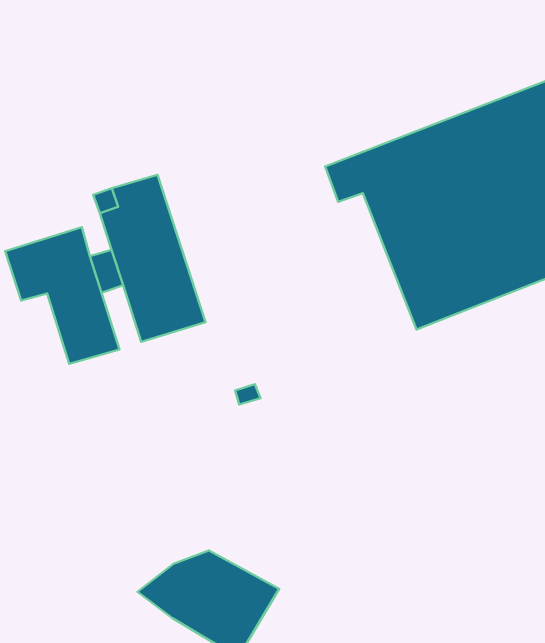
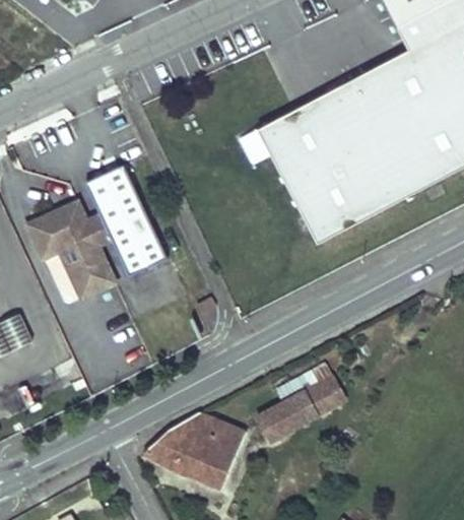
building: none -> [258,365,346,441]

